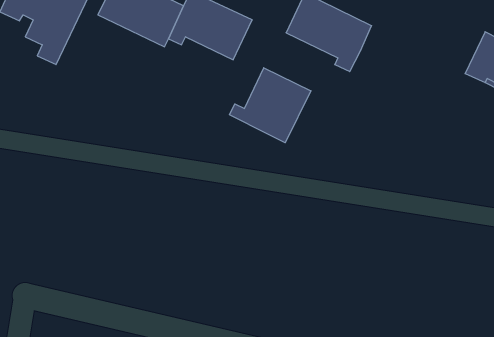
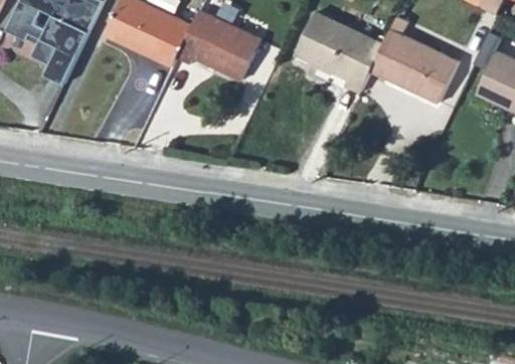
building: none -> [370,29,457,102]
building: [229,68,311,143] -> none

